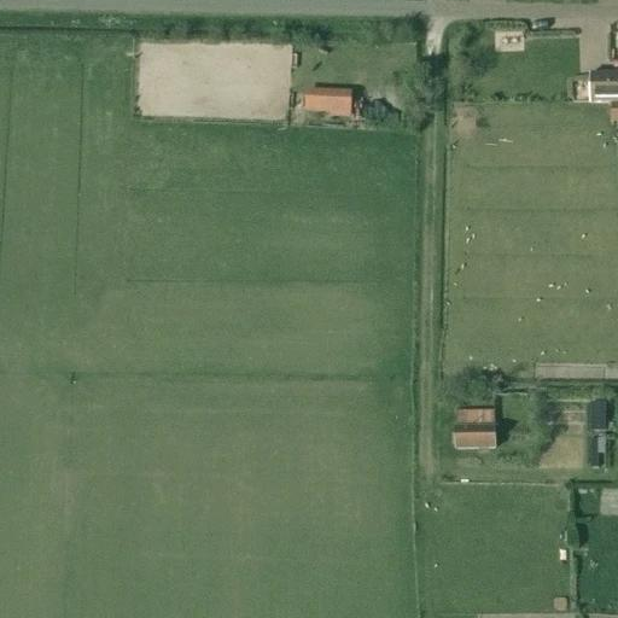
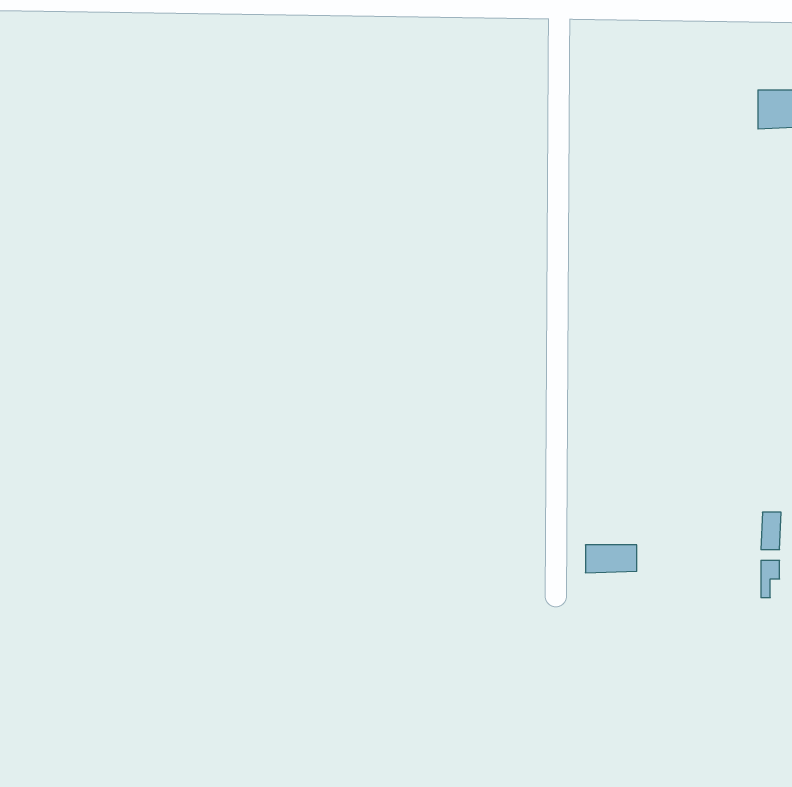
building: [307,88,351,109] -> none

